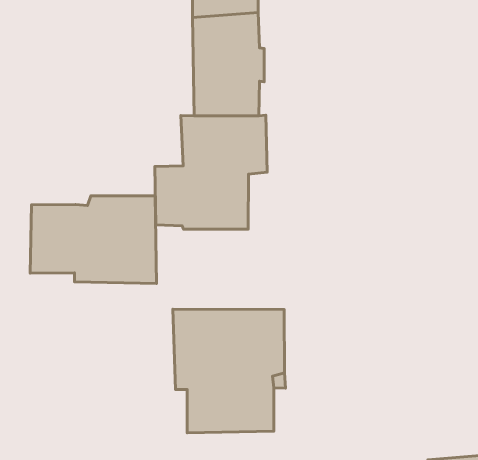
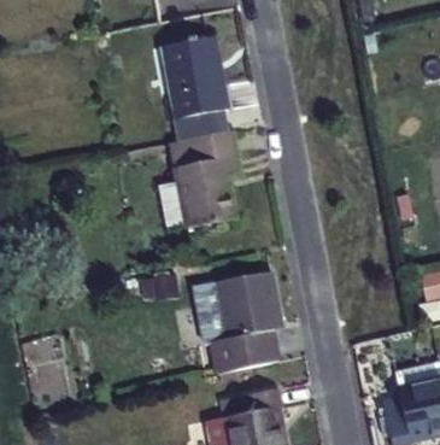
building: [30,196,157,283] -> none

